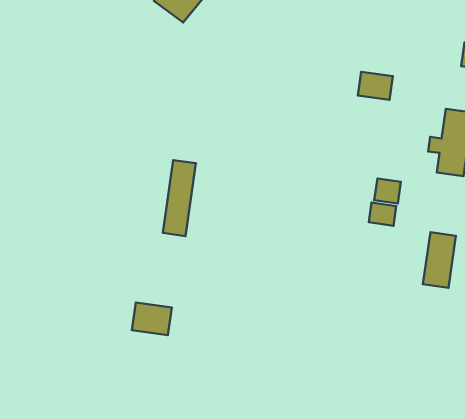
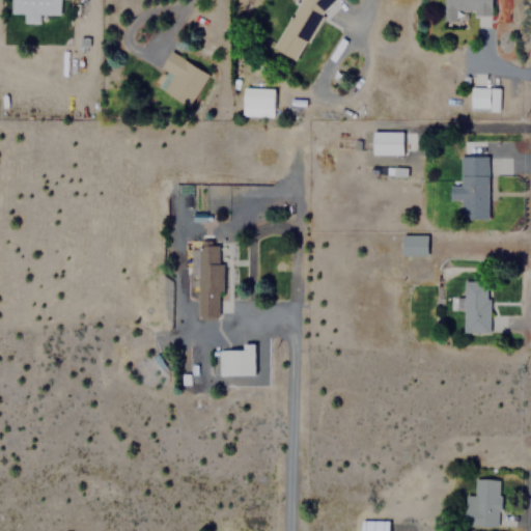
building: none -> [245,88,276,117]
building: [369,203,396,226] -> none
building: [132,303,172,335] -> [220,347,256,375]

